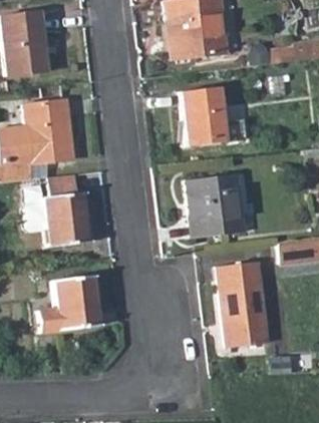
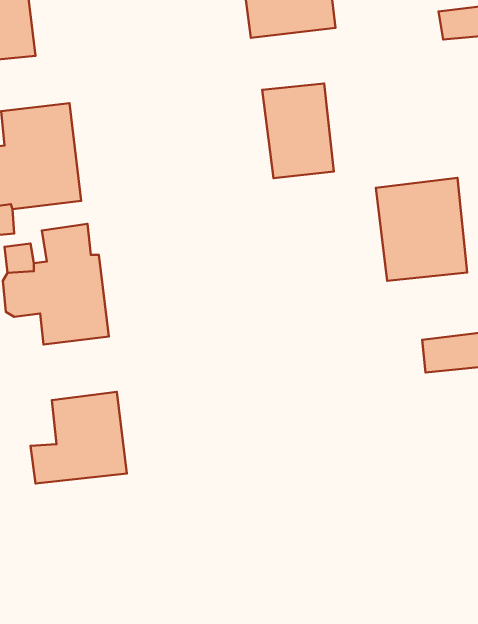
building: [190,172,246,236] -> [376,178,467,281]
building: [220,262,270,347] -> none

